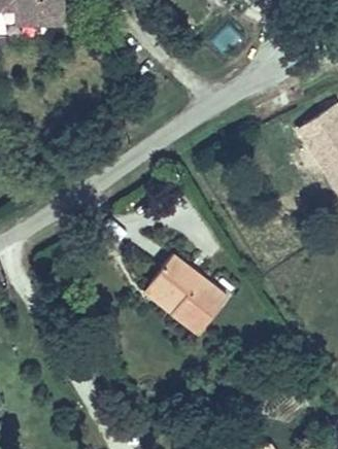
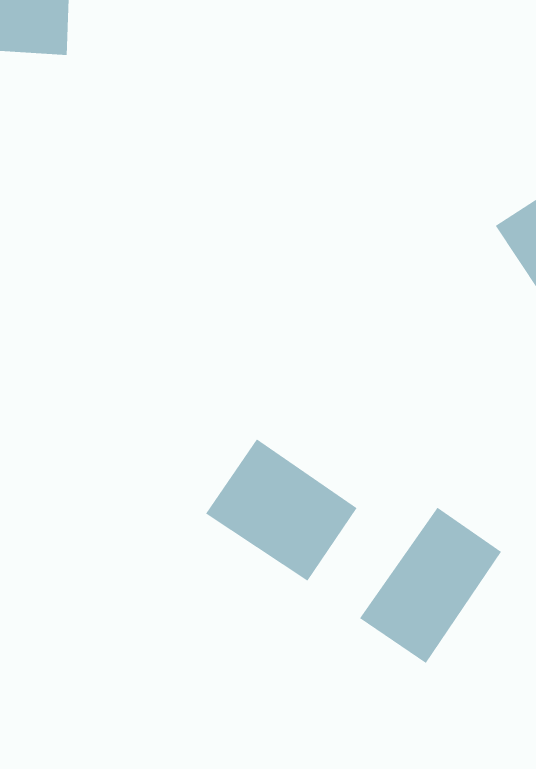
building: none -> [359,507,502,664]

